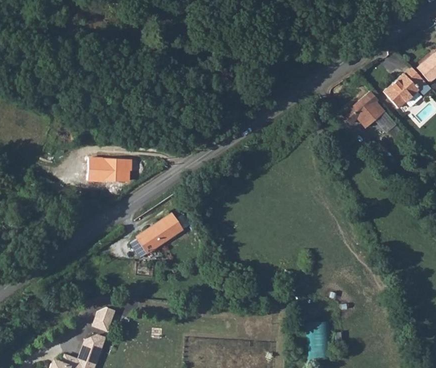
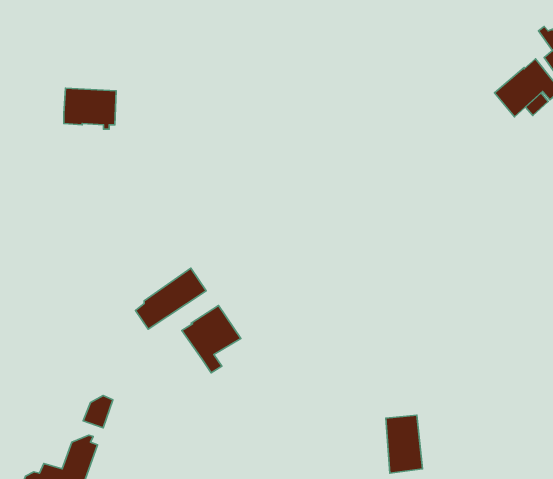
building: [342,91,384,127] -> none
building: [90,156,127,185] -> [64,88,116,129]
building: none -> [182,306,241,373]

